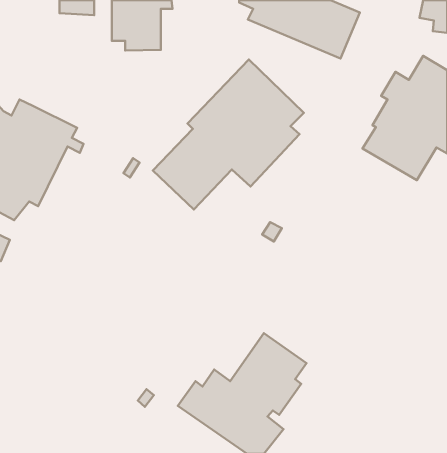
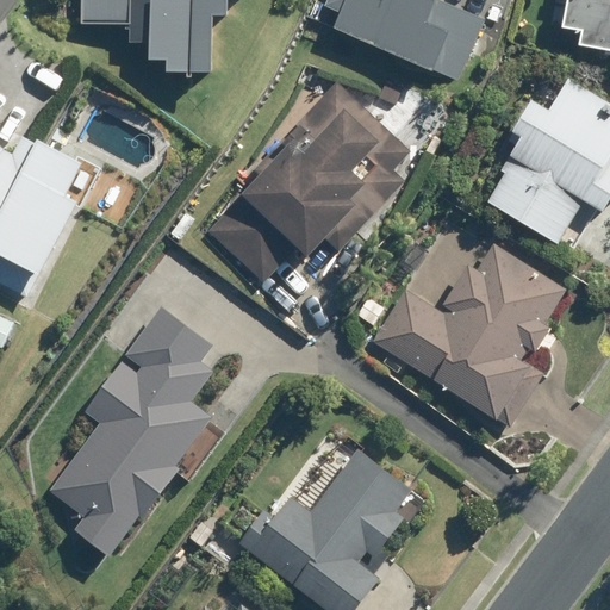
building: none -> [369,242,566,424]
building: none -> [48,306,229,560]

